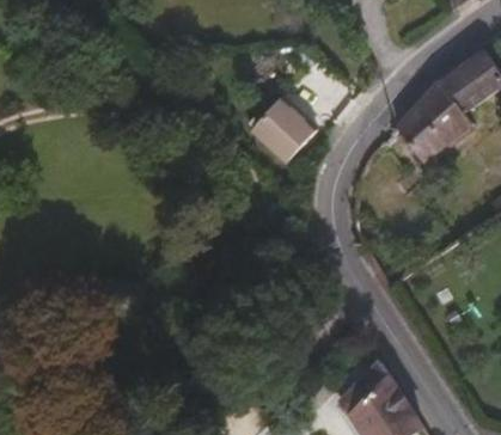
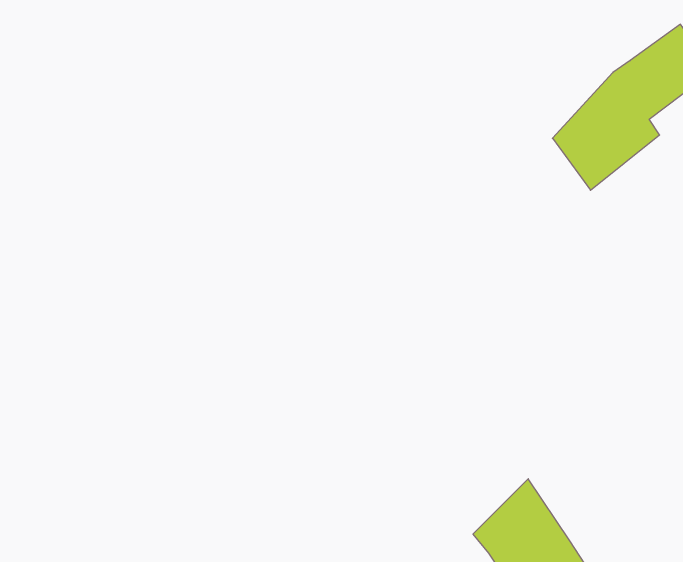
building: [249,97,317,163] -> none

